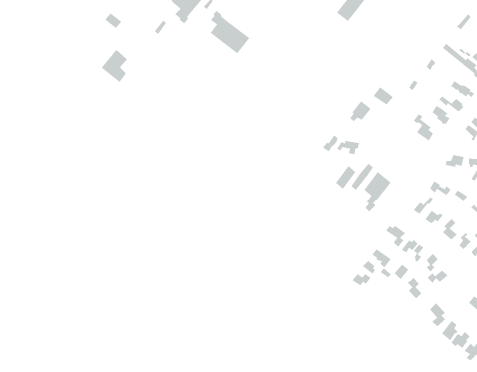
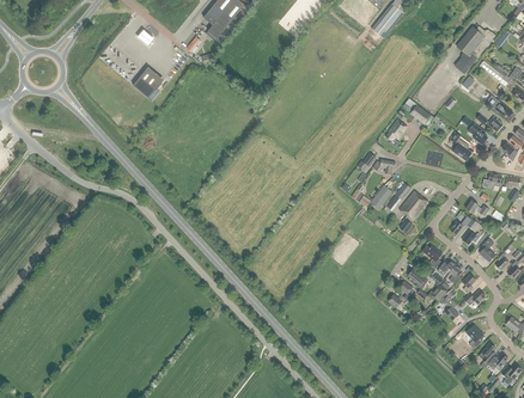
building: none -> [456,25,496,74]
building: [208,10,250,54] -> none

